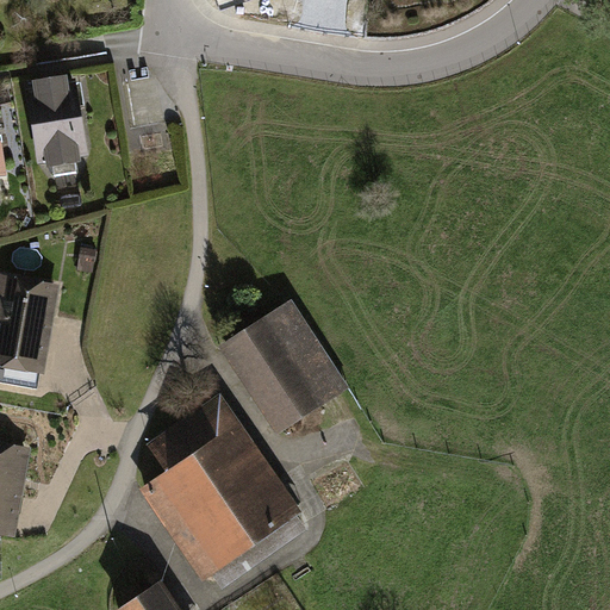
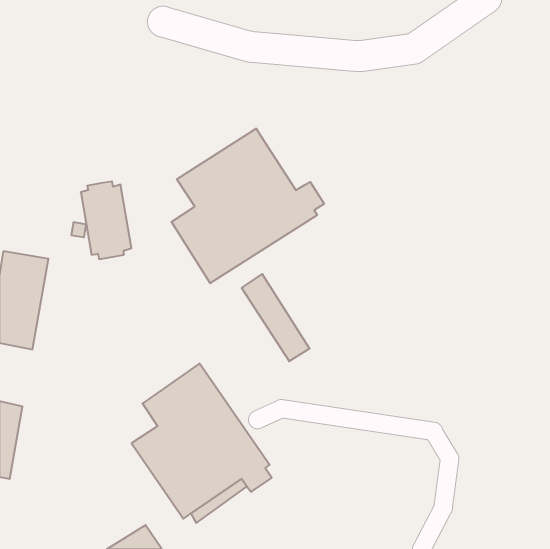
building: [29,76,85,162] -> [81,181,131,259]
building: none -> [172,128,324,283]
building: [226,318,319,425] -> none

